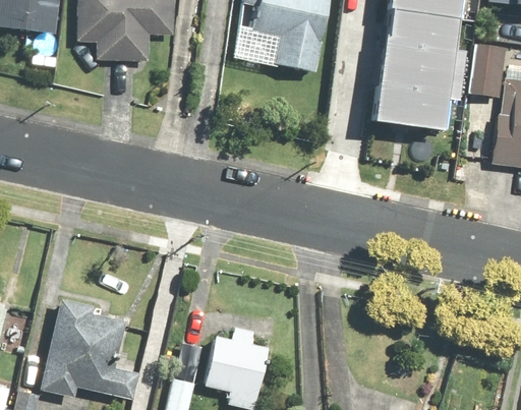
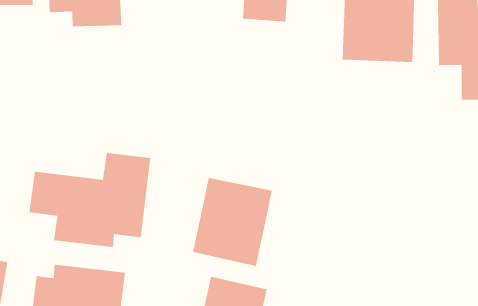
building: none -> [29,152,151,248]
building: none -> [192,177,272,267]

